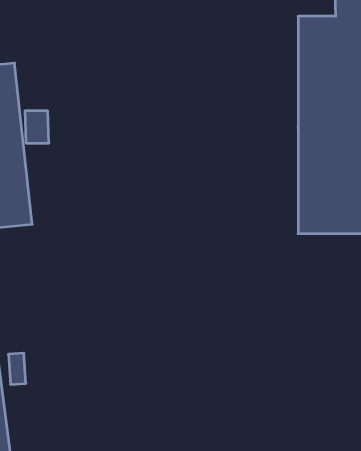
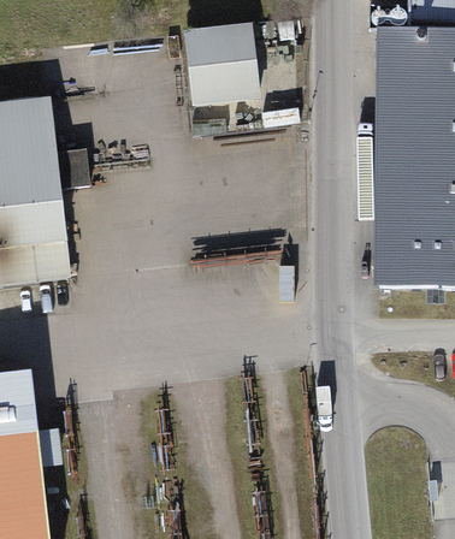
building: none -> [181,22,260,101]

